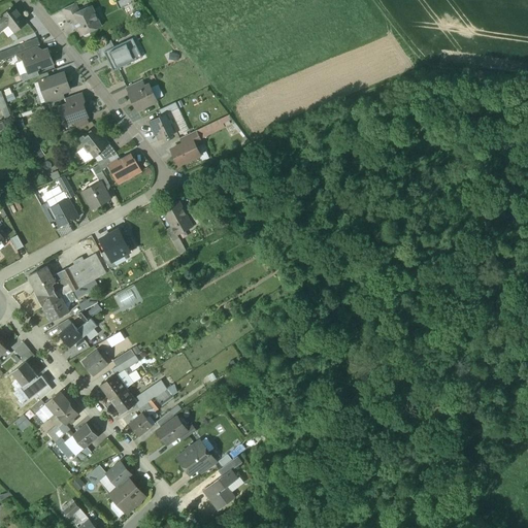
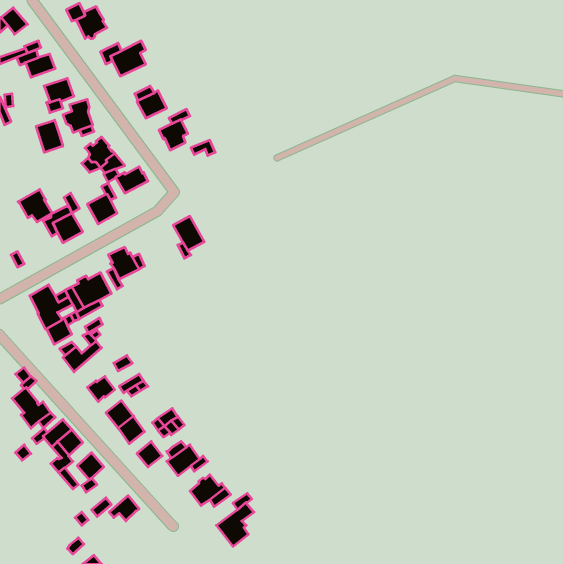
building: none -> [36,120,63,152]
building: [170,139,199,165] -> none
building: none -> [18,189,52,222]
building: [109,477,143,514] -> none

